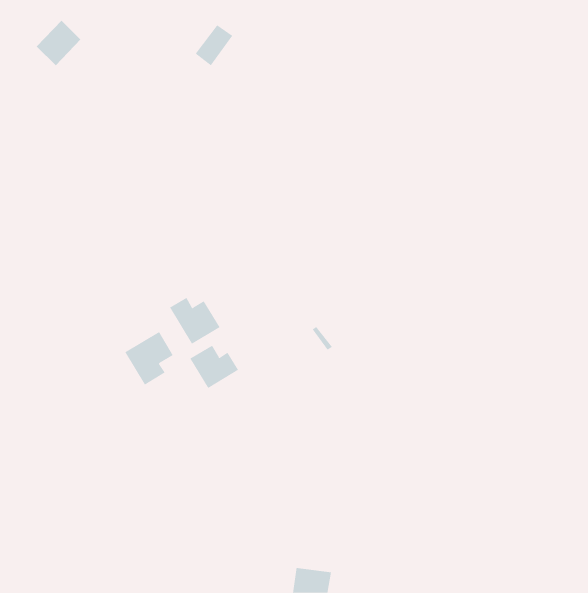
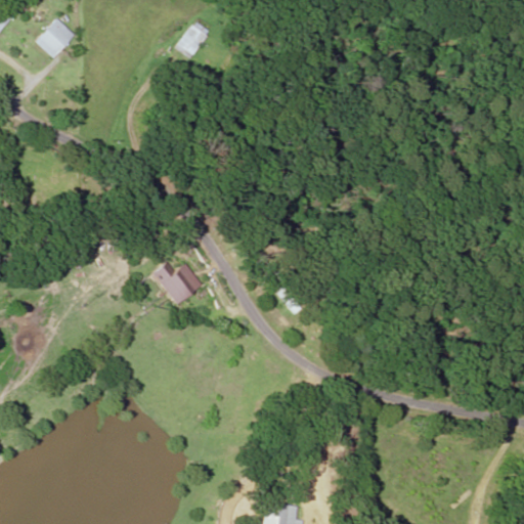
building: [124,331,173,385] -> none
building: [190,345,239,389] -> none

